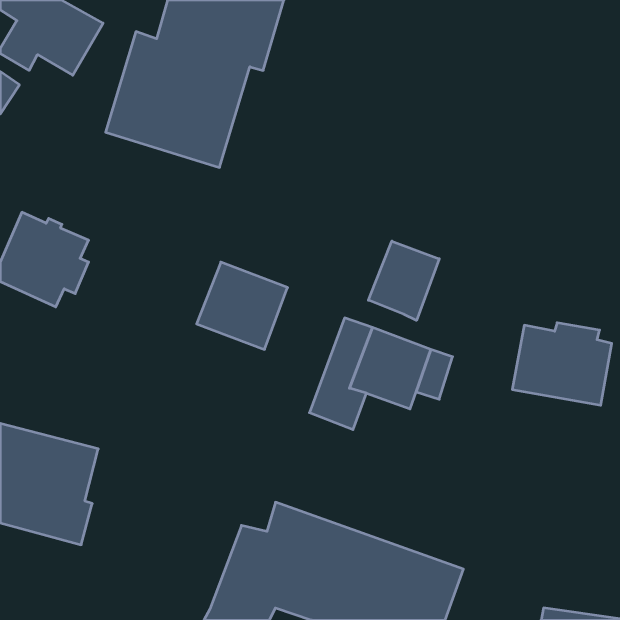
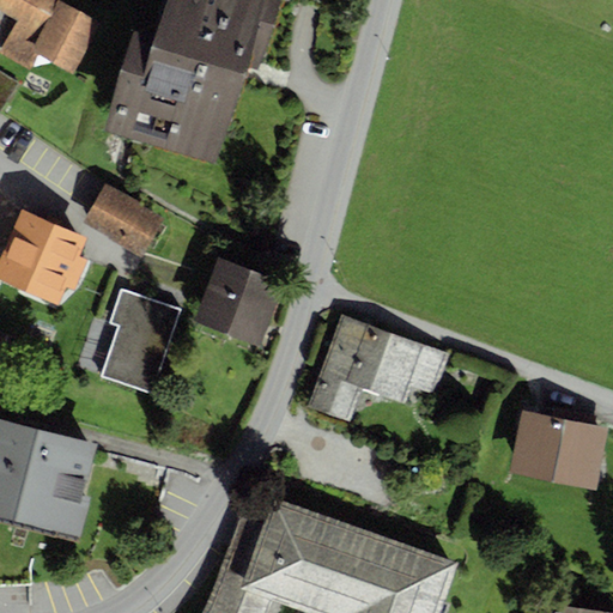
building: none -> [83,184,164,257]
building: [368,241,439,320] -> none
building: none -> [99,287,182,394]
building: [512,323,612,405] -> [509,407,607,488]

